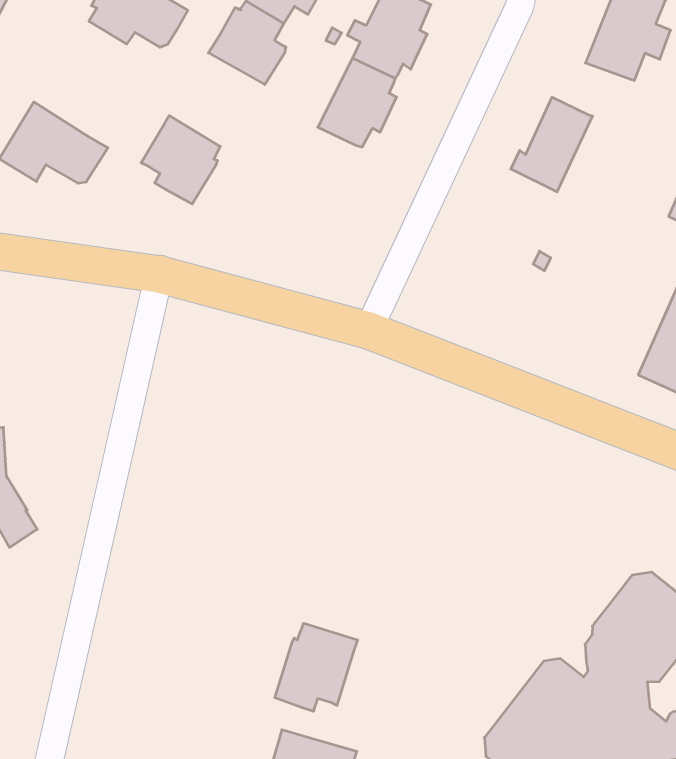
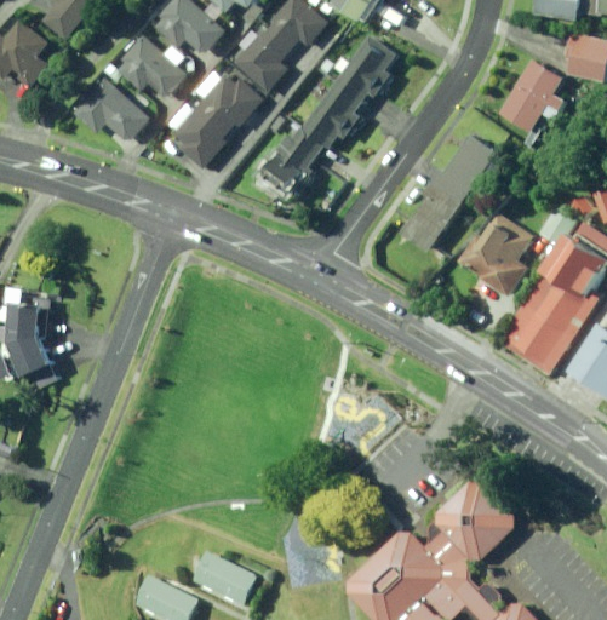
building: none -> [99,34,184,94]
building: none -> [196,73,263,130]
building: none -> [256,126,325,201]
building: none -> [401,179,463,251]
building: none -> [457,212,532,297]
building: [275,623,358,711] -> none

